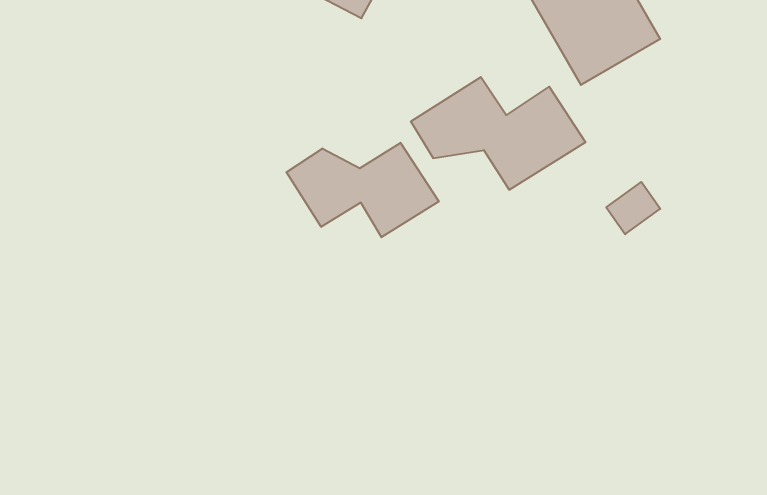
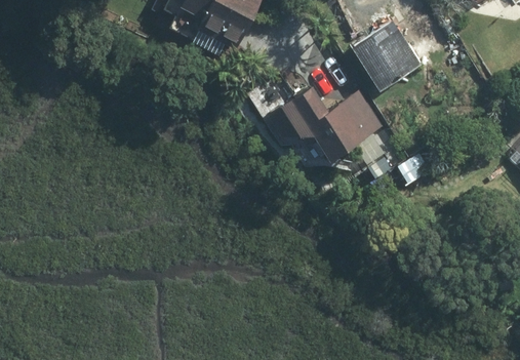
building: [286,143,439,237] -> none

